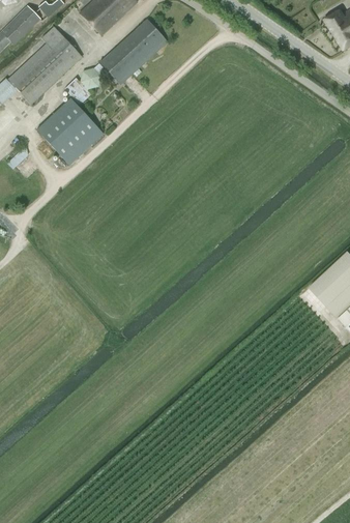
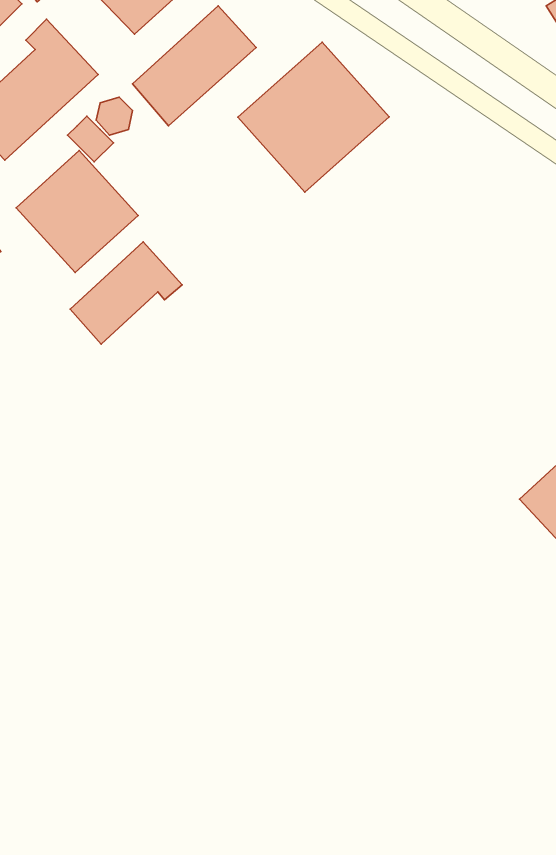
building: none -> [238,42,389,192]
building: none -> [70,242,182,344]

